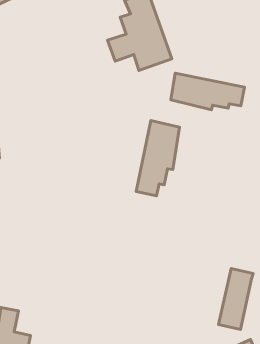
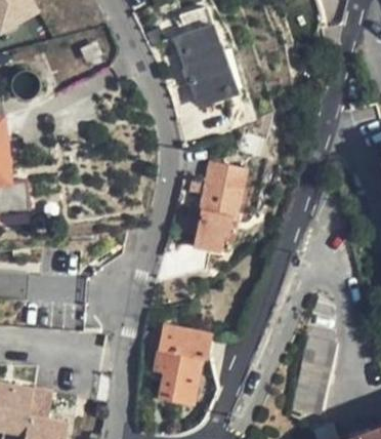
building: [171,73,245,110] -> none
building: none -> [156,325,212,404]

